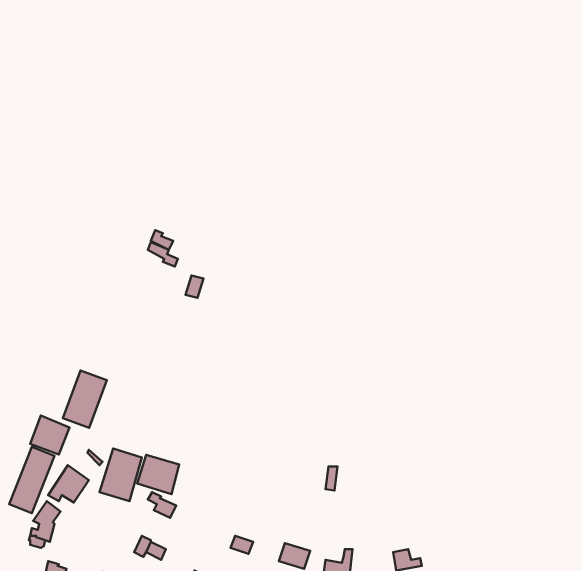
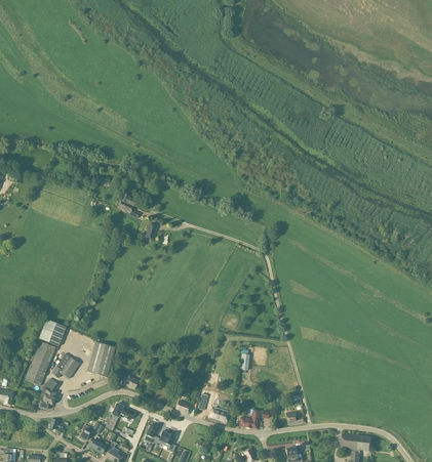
building: [63,371,107,428] -> none
building: [137,455,179,494] -> none

